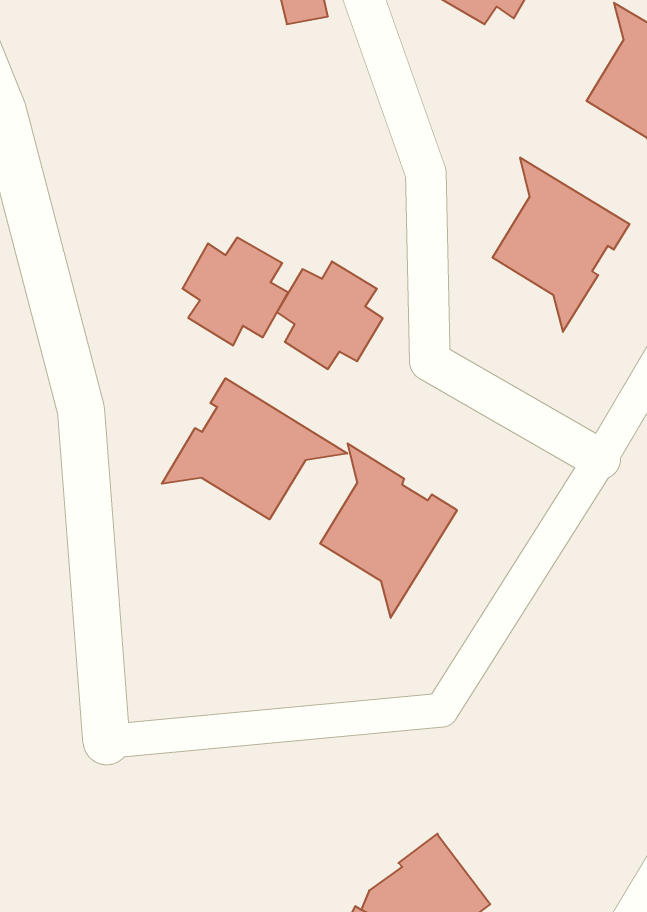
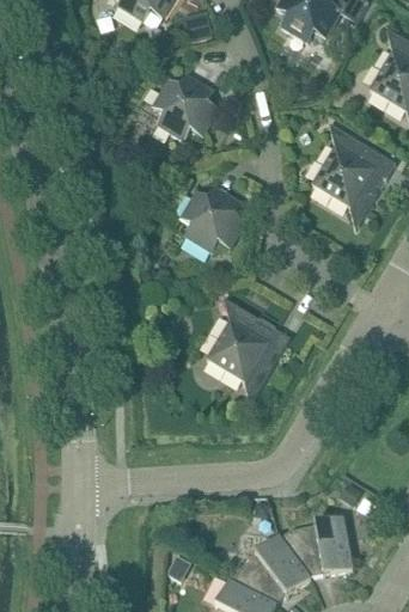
building: [182,238,288,345] -> [153,74,218,140]
building: [162,378,347,519] -> none
building: none -> [280,516,353,576]

